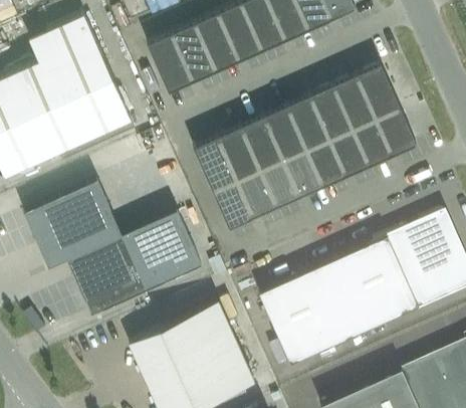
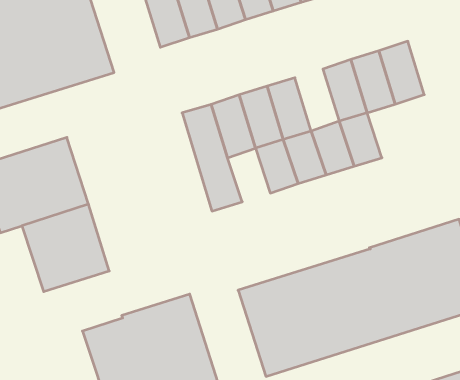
building: [287,96,329,151] -> none
building: [353,109,417,167] -> none
building: [237,171,277,218] -> none
building: [123,211,202,290] -> none

